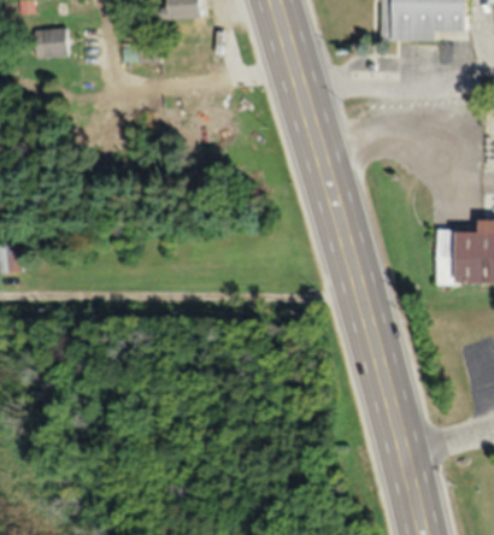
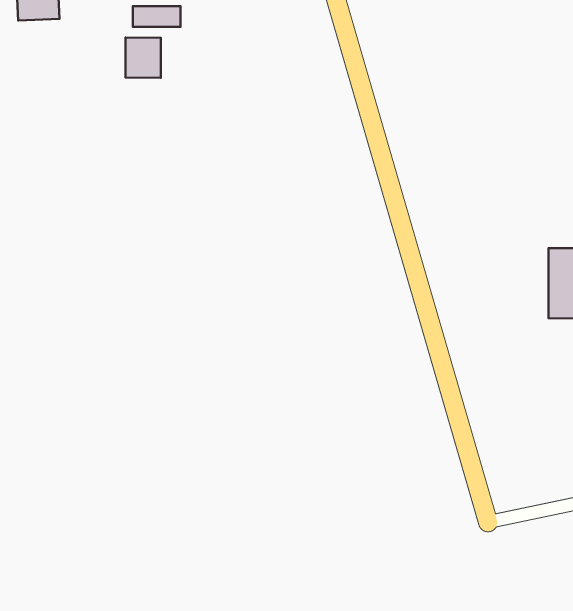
building: none -> [125,38,161,78]

